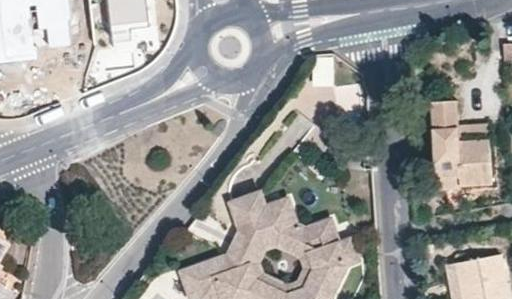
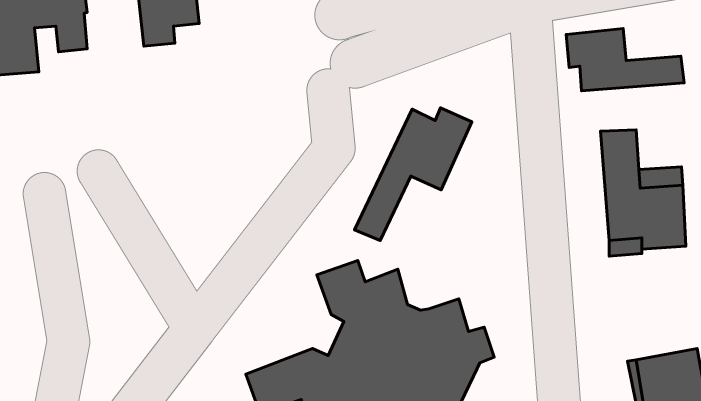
building: none -> [566,29,684,91]
building: none -> [355,108,472,240]

